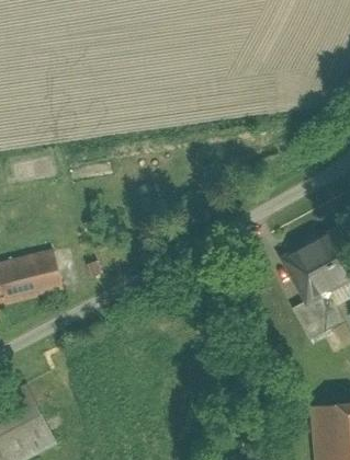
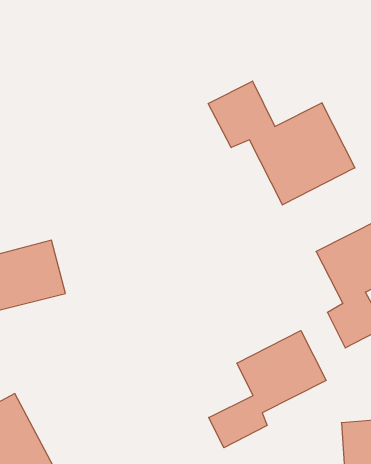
building: none -> [208,81,355,205]
building: none -> [209,331,326,448]

